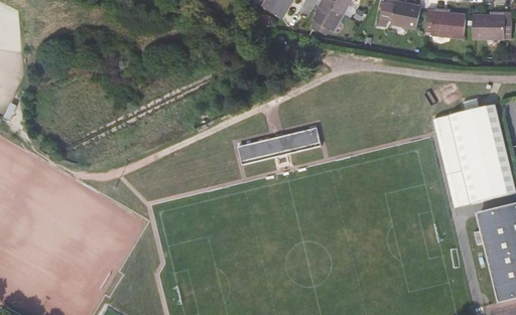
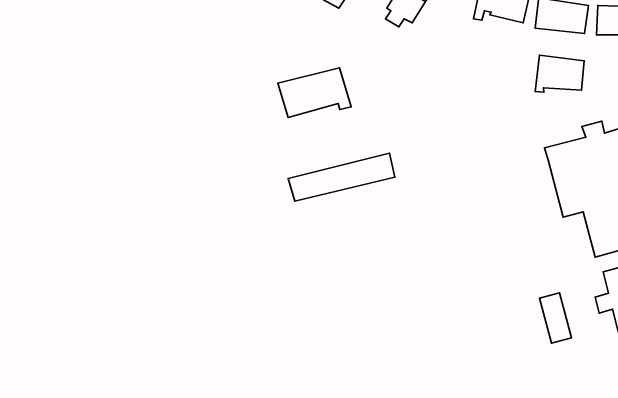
building: none -> [535,55,584,92]
building: none -> [278,68,351,118]
building: [446,171,471,209] -> [539,293,571,343]

